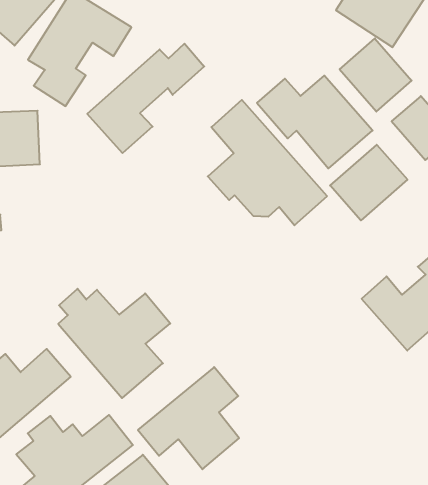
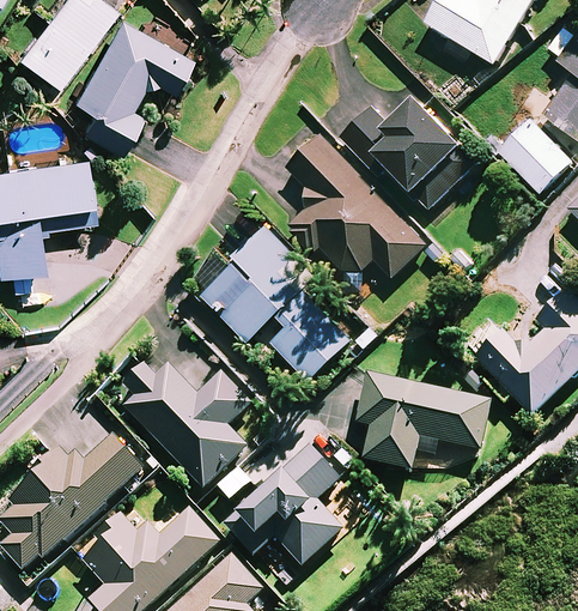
building: [340,38,412,112] -> none
building: [87,44,204,153] -> none
building: [330,145,407,220] -> none
building: none -> [203,226,351,380]
building: none -> [357,374,491,470]

